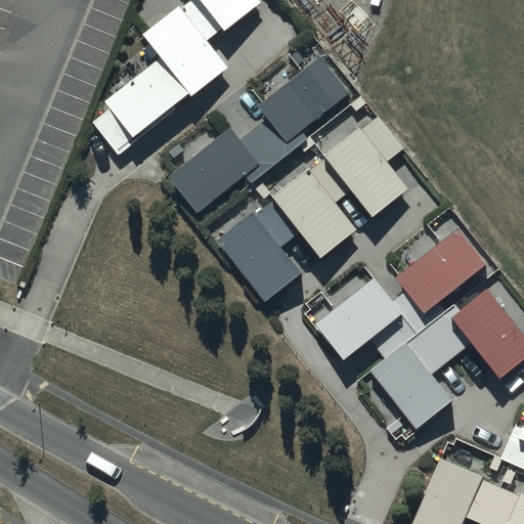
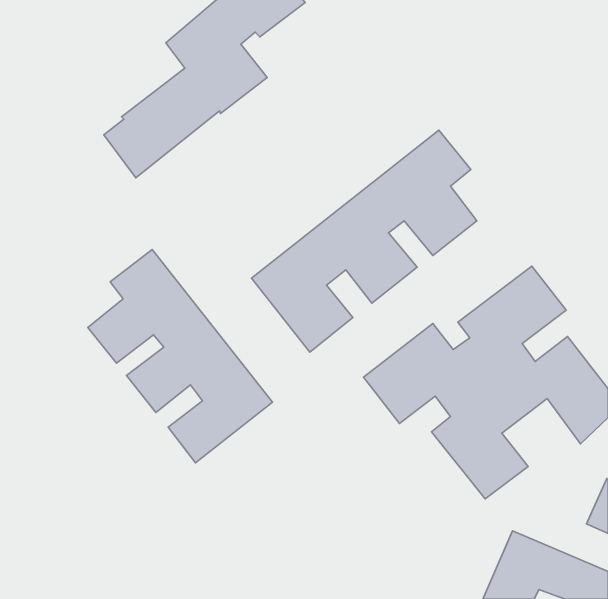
building: [168,59,347,213] -> none
building: none -> [88,249,273,463]

